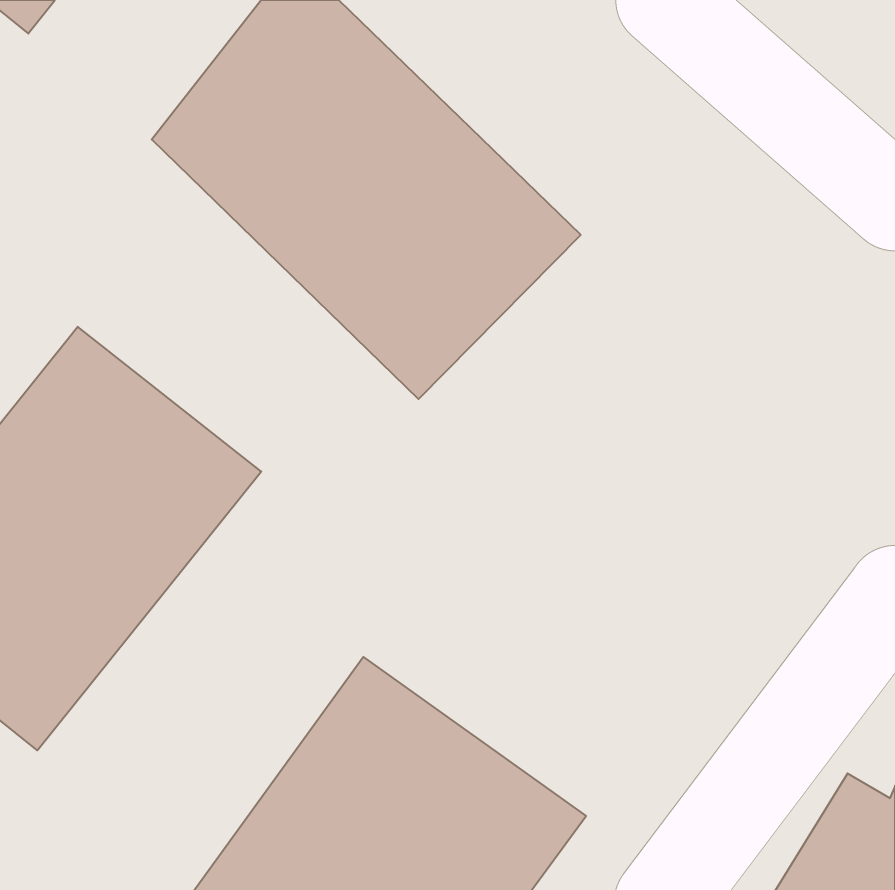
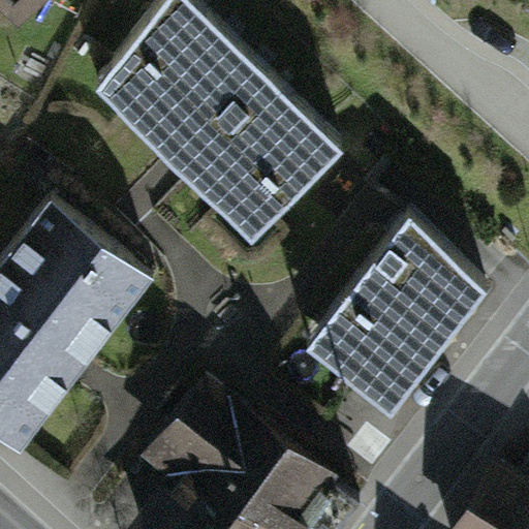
building: none -> [307,213,485,417]

